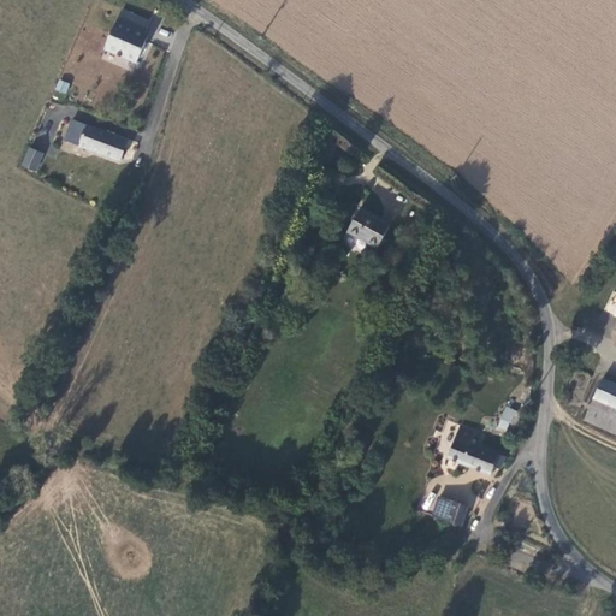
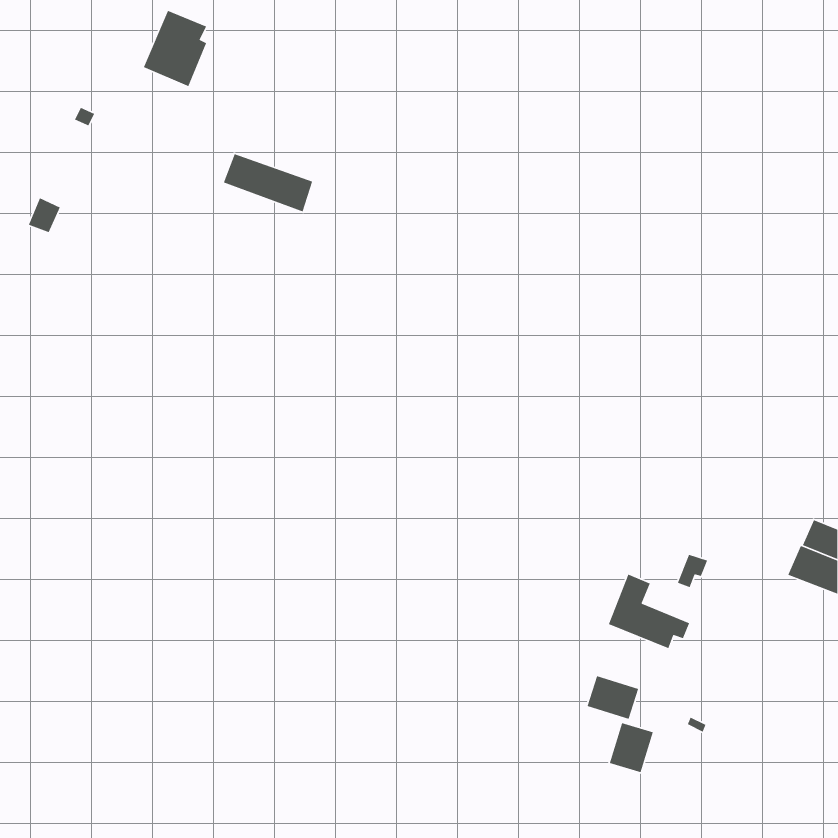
building: [64,117,130,160] -> [223,153,313,212]
building: [344,206,391,250] -> none
building: none -> [609,722,654,773]

